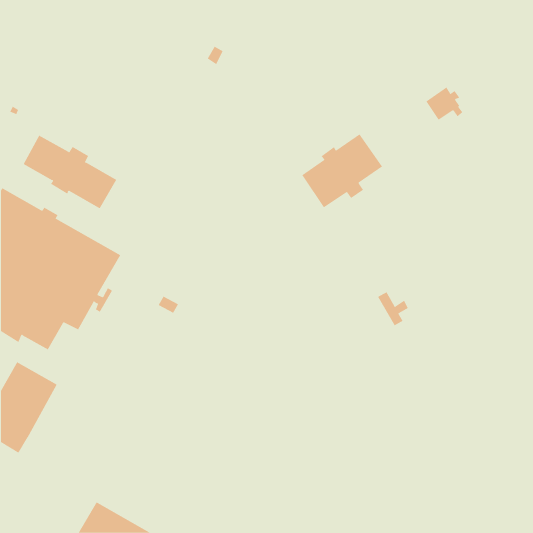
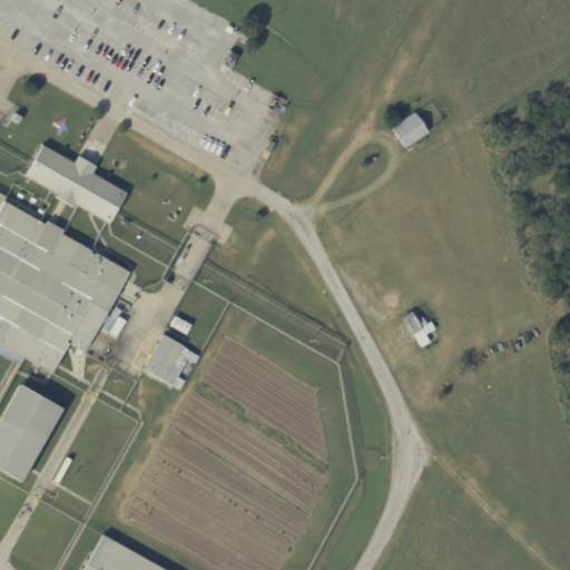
building: [426,87,463,120] -> [393,111,433,147]
building: [302,133,383,208] -> none
building: none -> [144,334,193,390]

